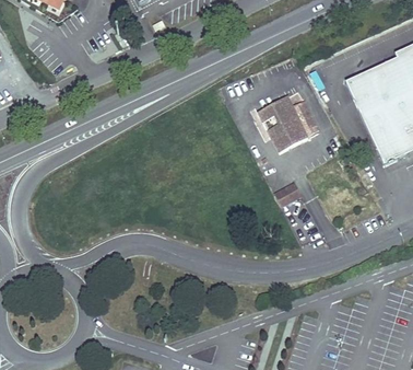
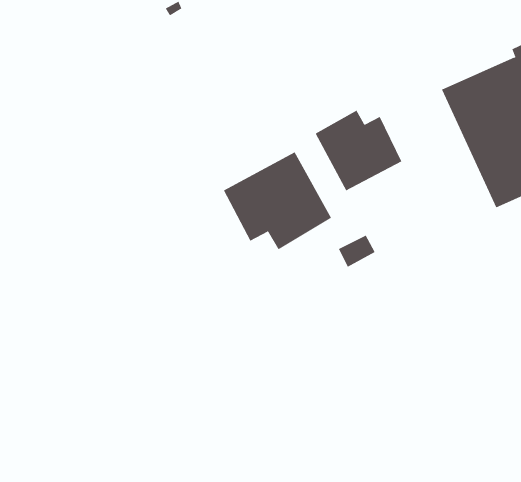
building: none -> [223,151,332,250]

